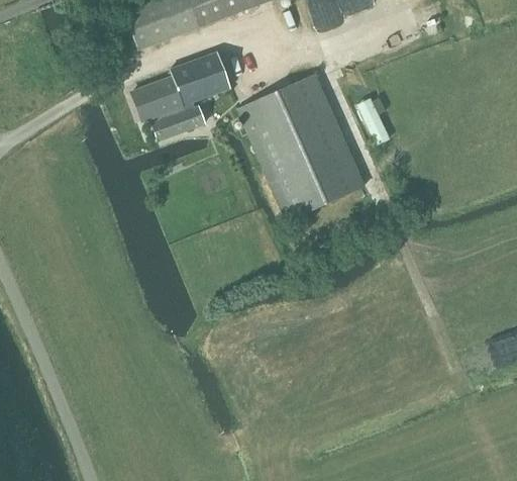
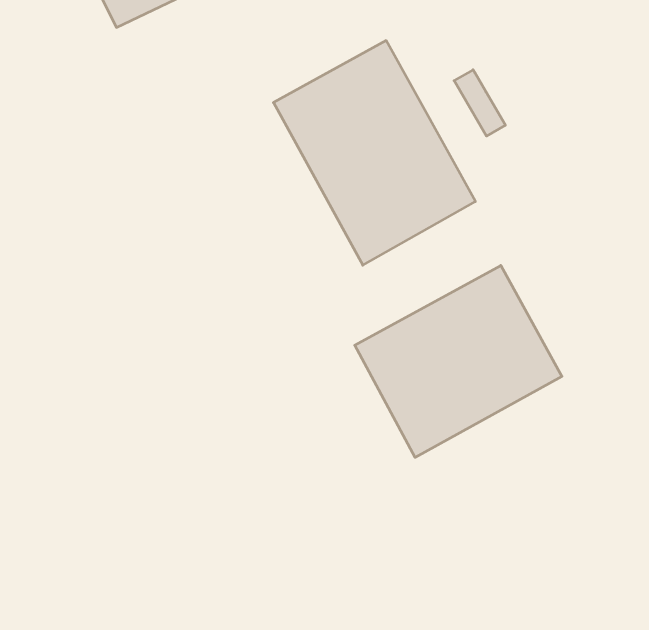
building: [131,50,231,139] -> none
building: none -> [355,265,562,457]

